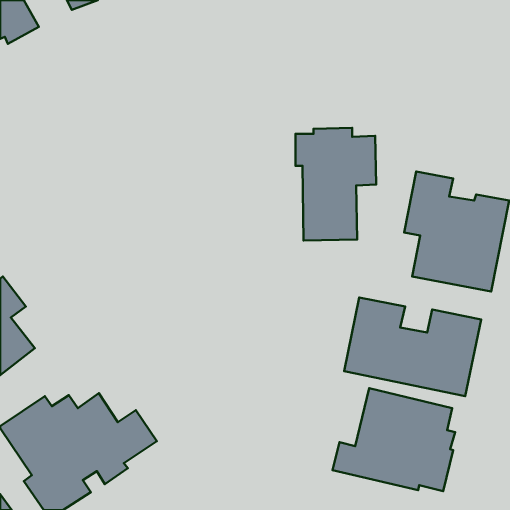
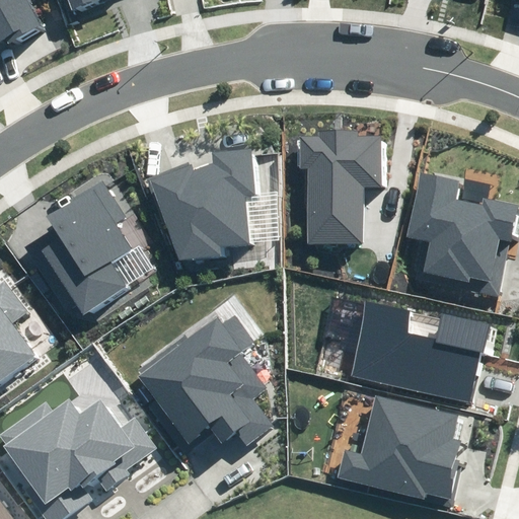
building: none -> [146,148,257,260]
building: none -> [30,179,132,317]
building: none -> [132,313,277,450]

